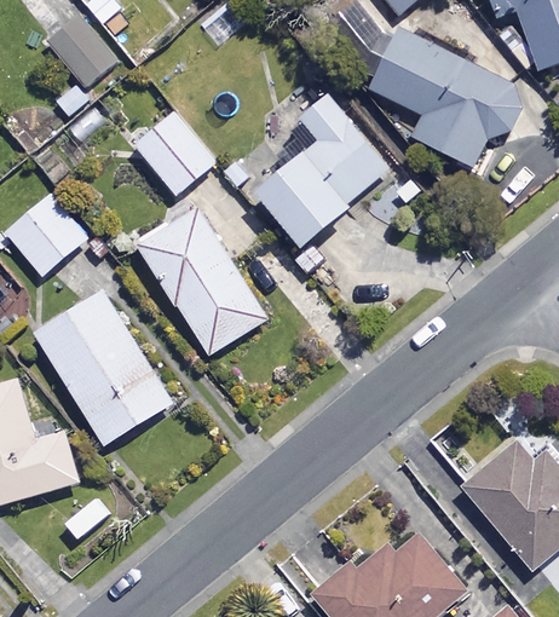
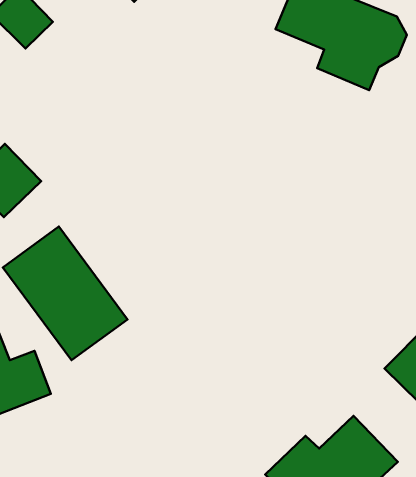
building: [259,96,388,249] -> none
building: [132,110,215,195] -> none
building: [137,207,266,356] -> none

